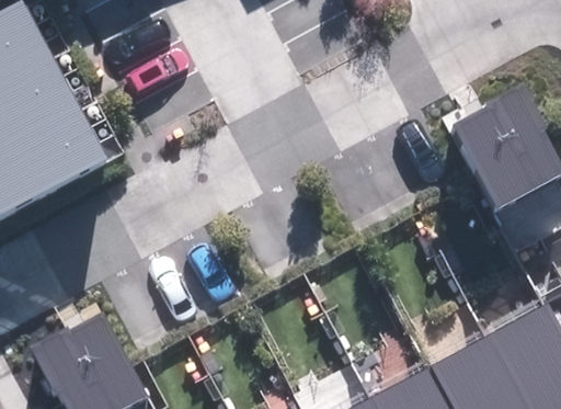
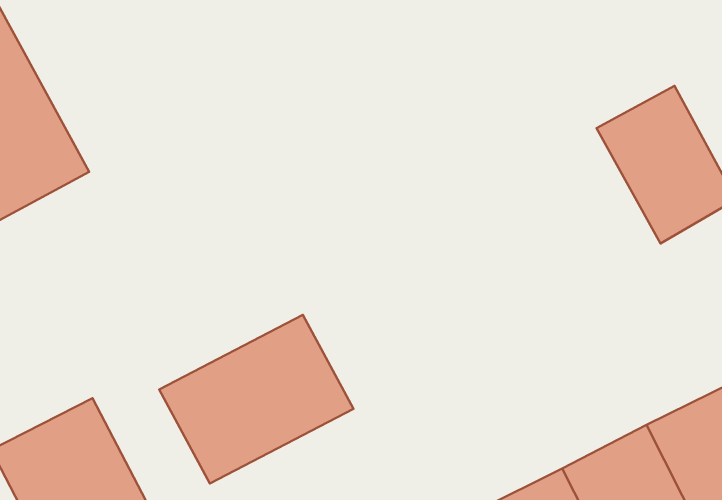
building: none -> [159,315,353,483]

